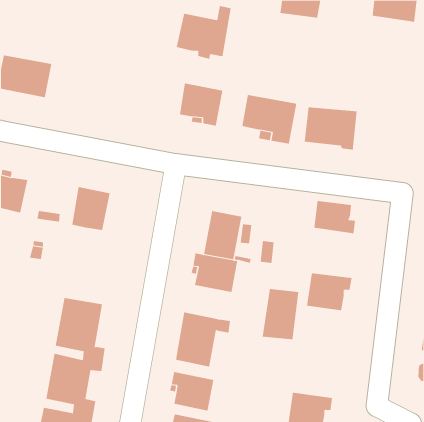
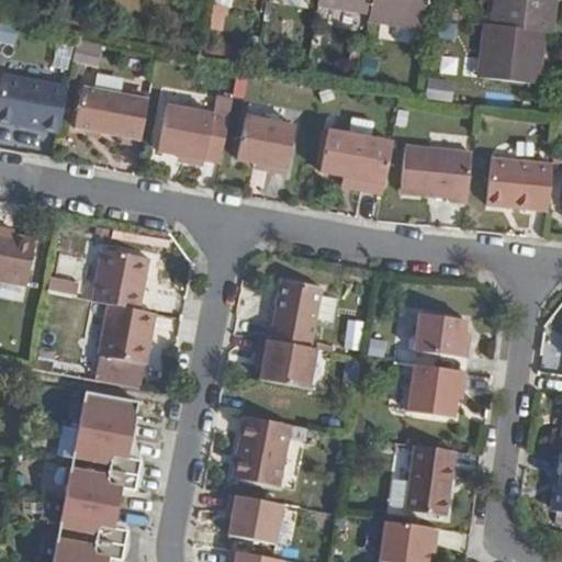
building: [176,6,231,59] -> [159,94,233,166]
building: none -> [479,23,542,83]
building: none -> [76,86,148,138]
building: none -> [490,156,554,207]
building: [313,201,356,234] -> [415,313,471,357]
building: none -> [101,304,156,389]
building: [262,289,299,340] -> [405,445,454,513]

